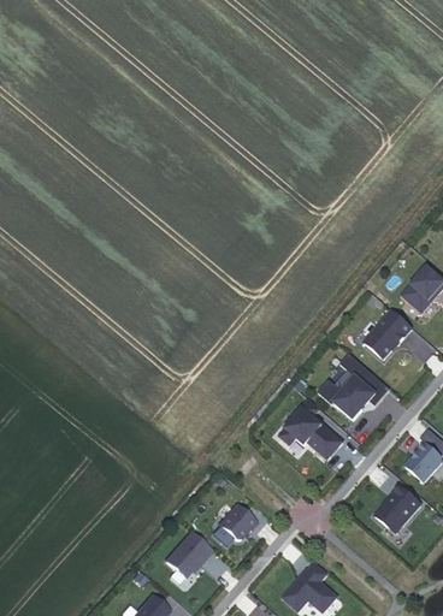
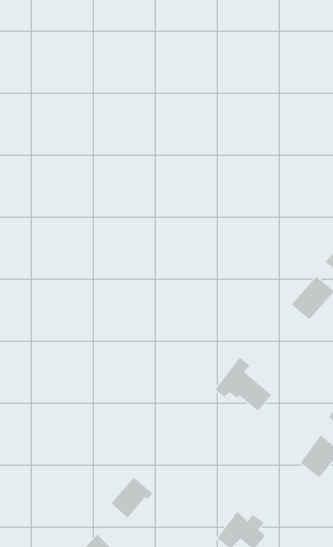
building: [318,354,389,420] -> none
building: [218,505,255,540] -> none

